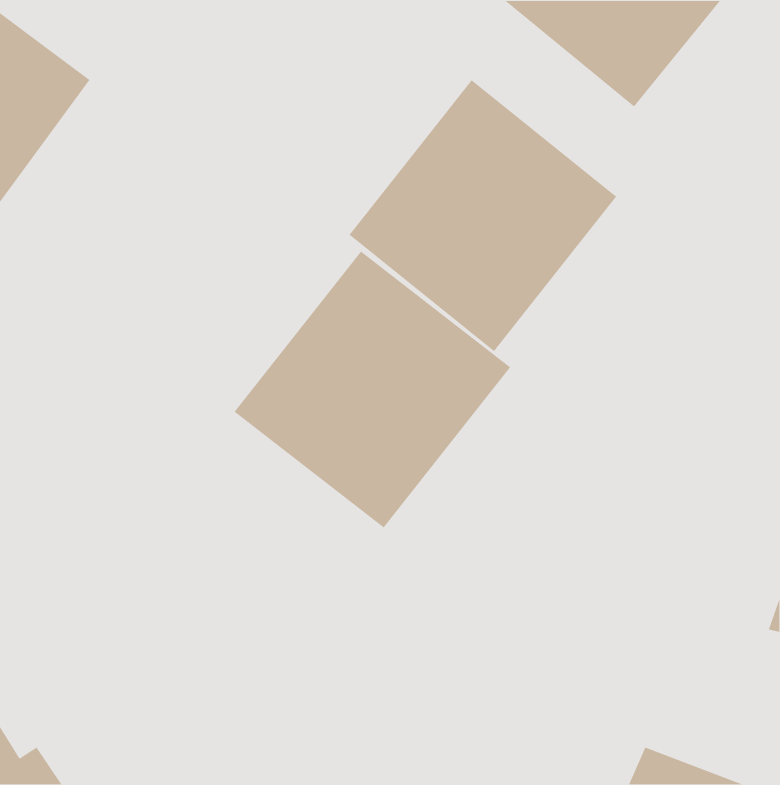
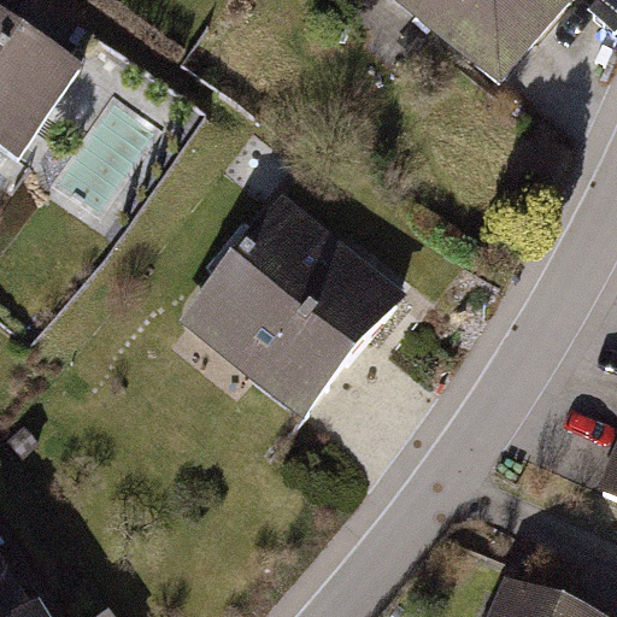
building: [349,79,617,352] -> none

